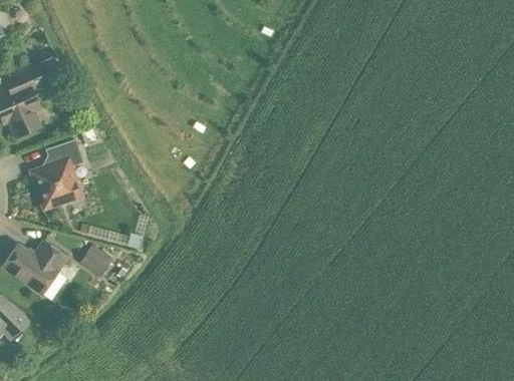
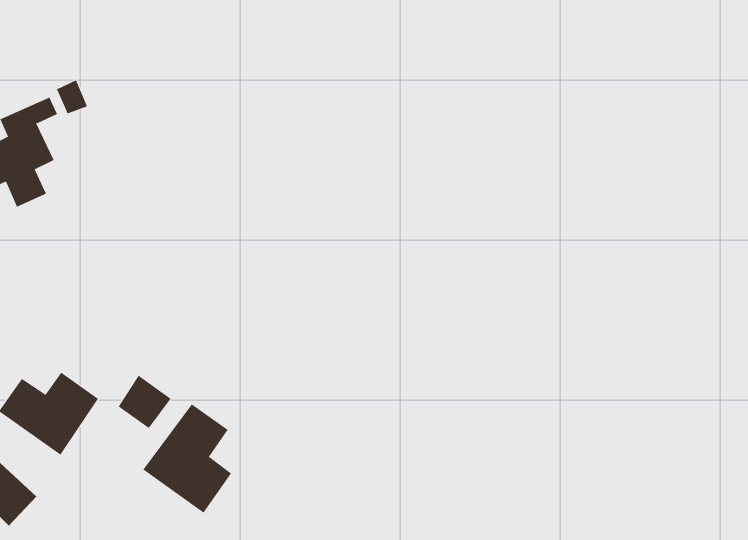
building: [29,140,82,211] -> none
building: none -> [143,404,232,514]

